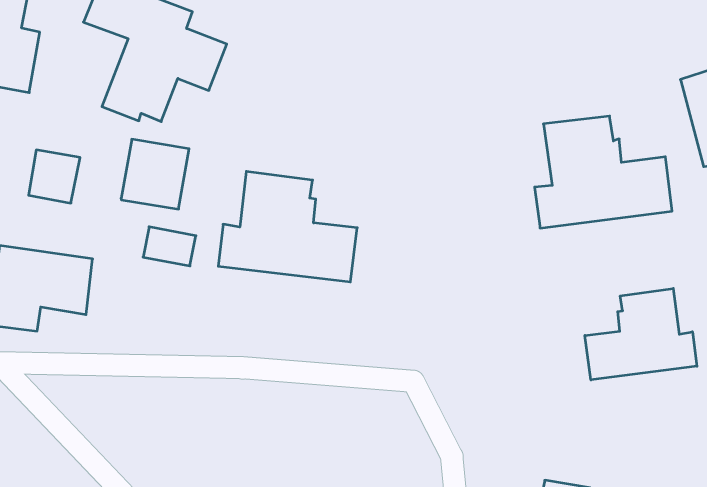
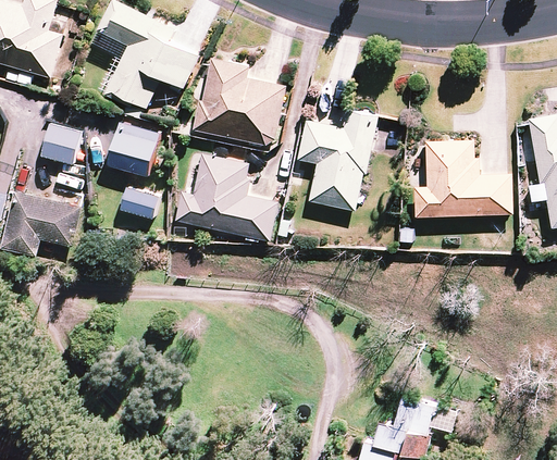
building: none -> [190,61,285,148]
building: none -> [298,109,380,211]
building: [585,288,697,380] -> none

